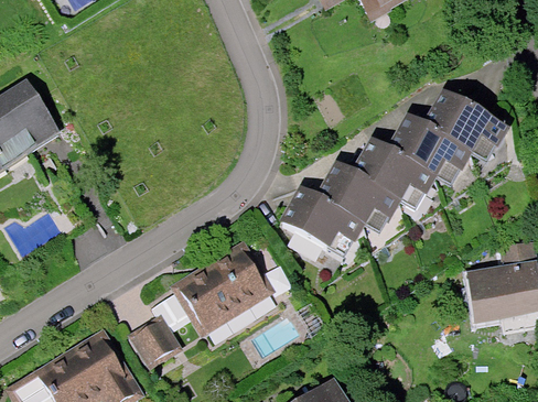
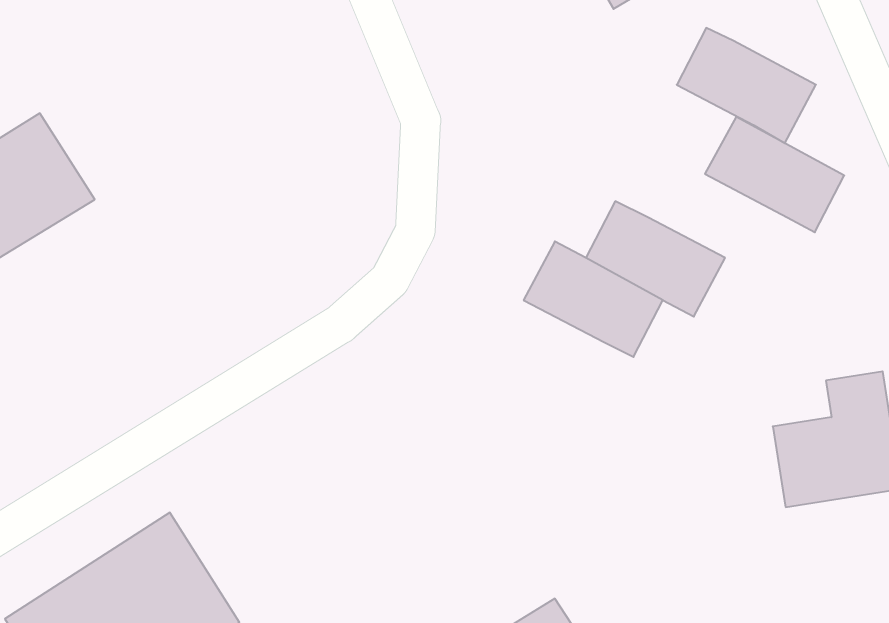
building: [392,113,476,183] -> [677,28,816,143]
building: [282,188,366,257] -> none
building: [171,240,276,335] -> none
building: [128,313,183,369] -> none

